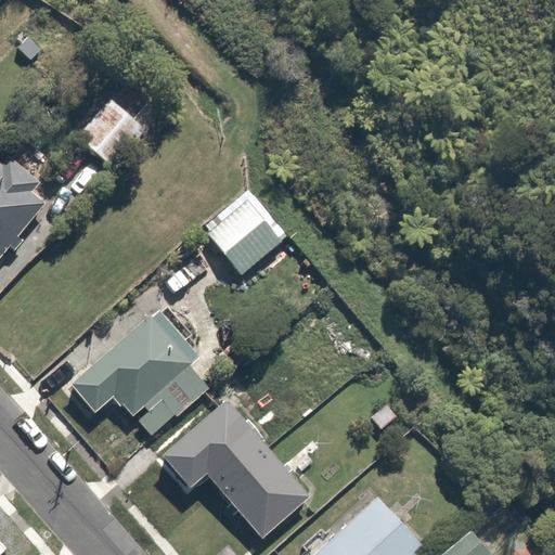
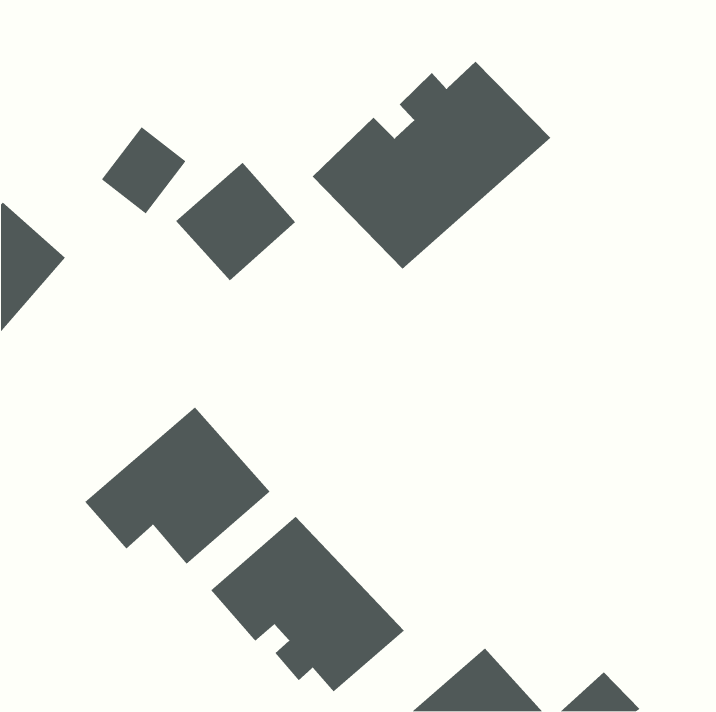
building: none -> [312,61,551,270]
building: [199,188,293,280] -> [175,162,296,281]

